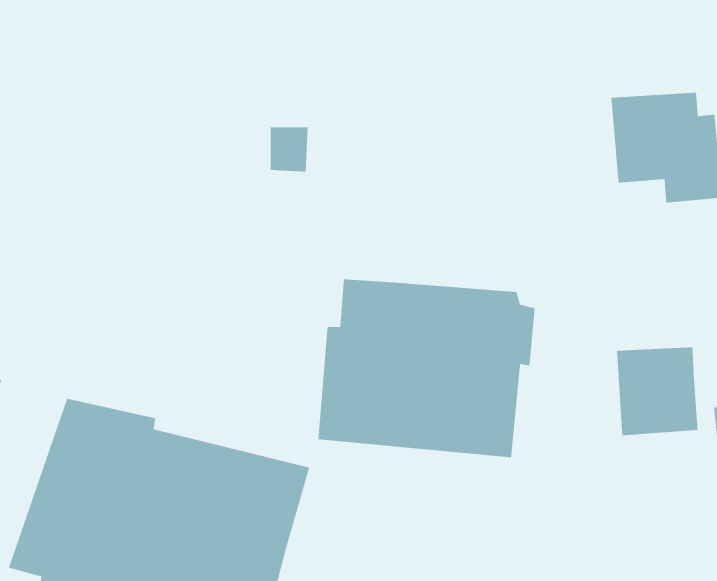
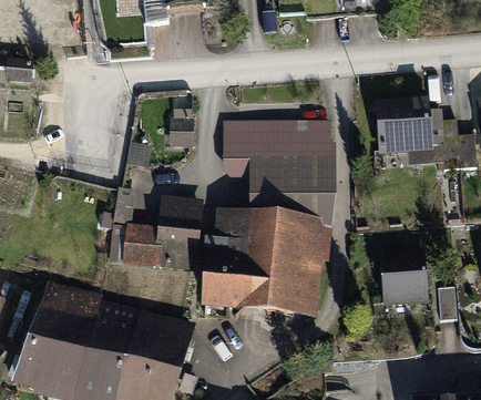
building: none -> [222,120,335,228]
building: none -> [121,194,203,273]

